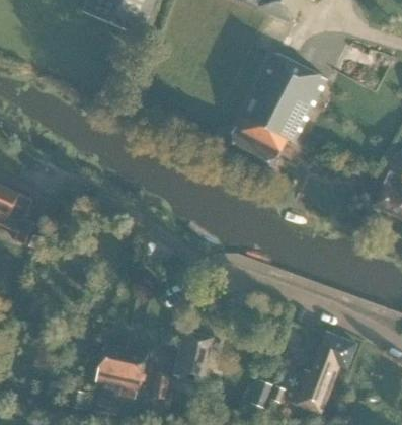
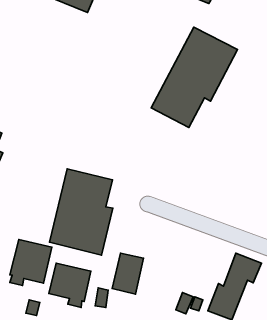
building: none -> [50,169,113,255]
building: none -> [10,239,52,285]

